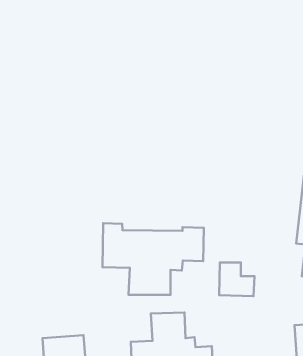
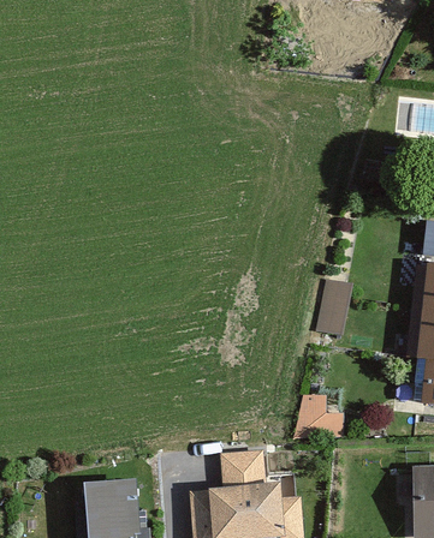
building: none -> [320,279,355,334]
building: [103,223,204,295] -> none

